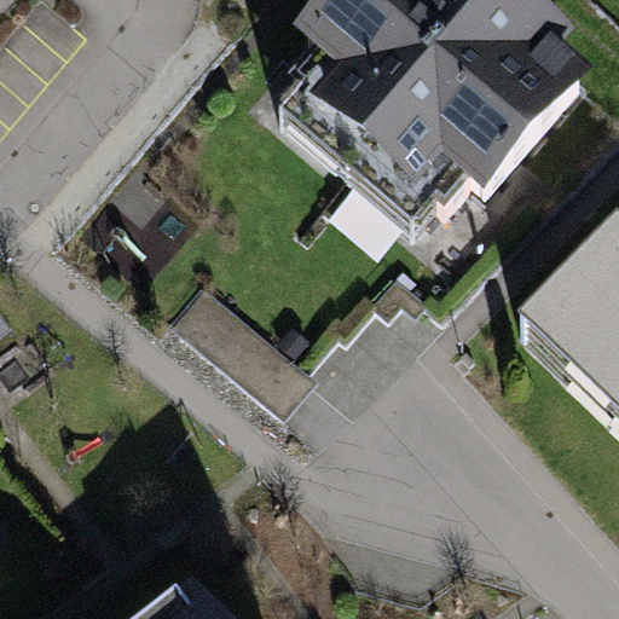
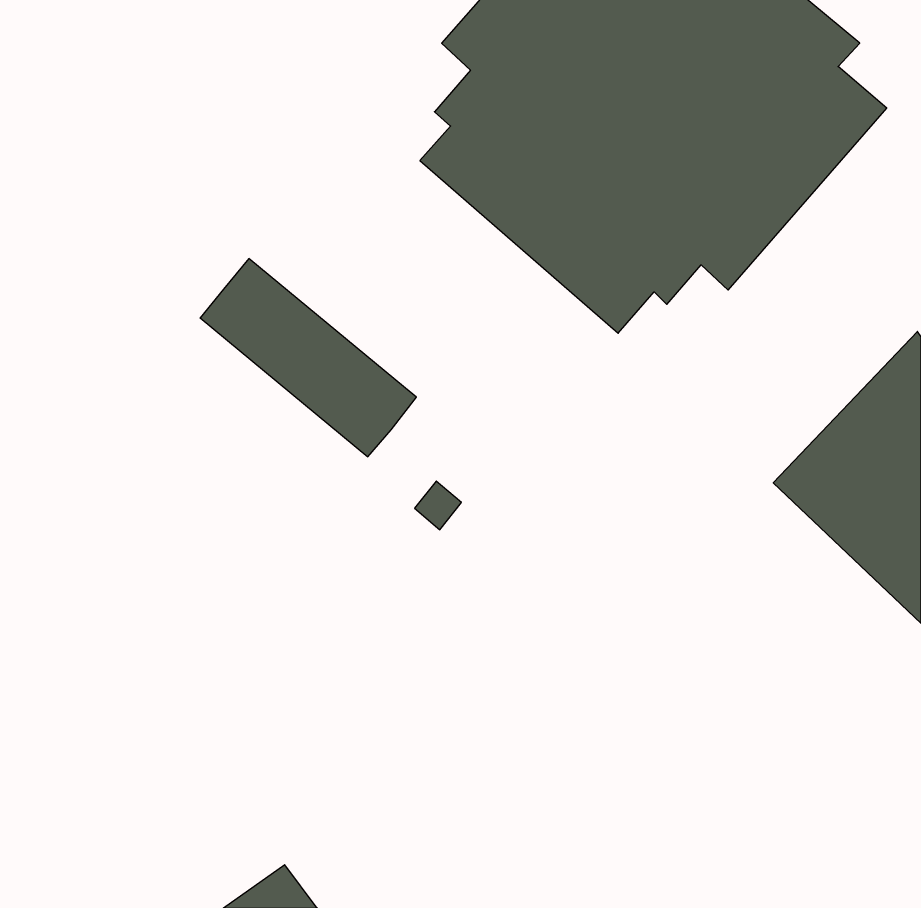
building: [173,284,318,417] -> [200,259,416,457]

